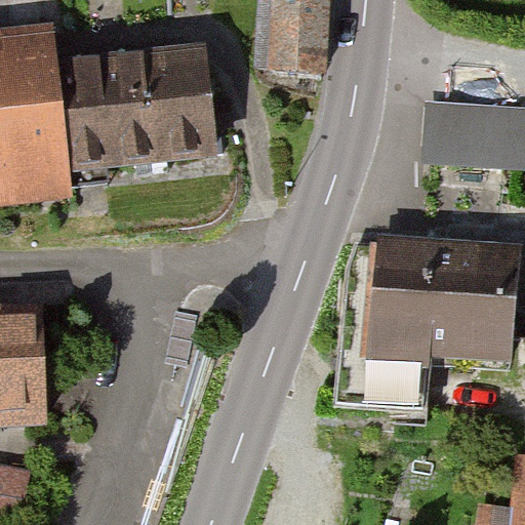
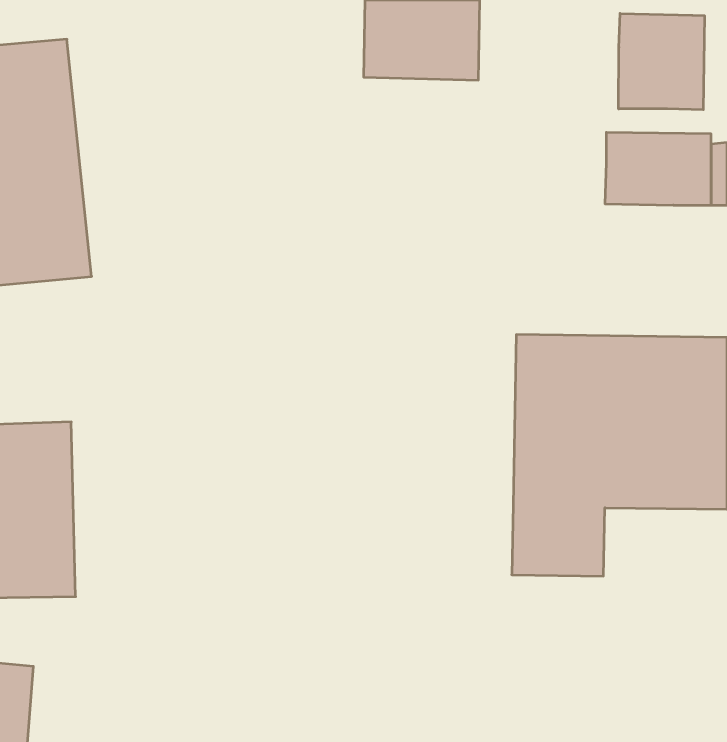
building: none -> [619,13,704,110]
building: [77,54,217,171] -> none

